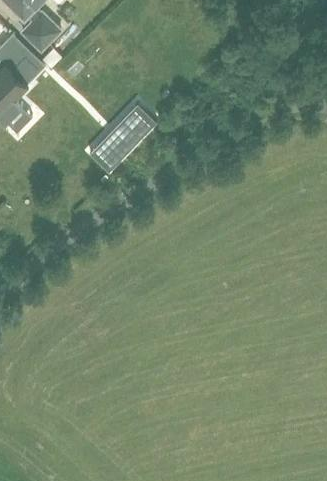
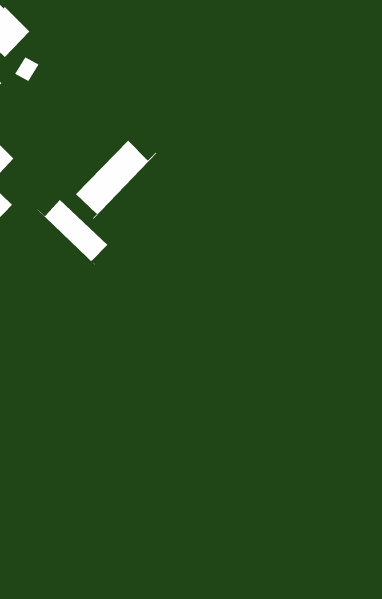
building: none -> [37,199,108,266]

